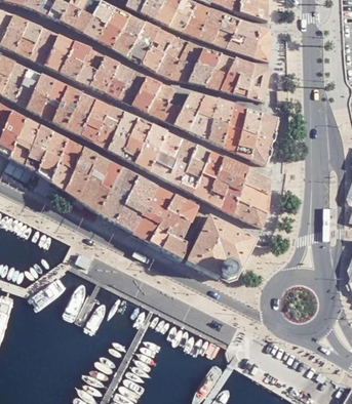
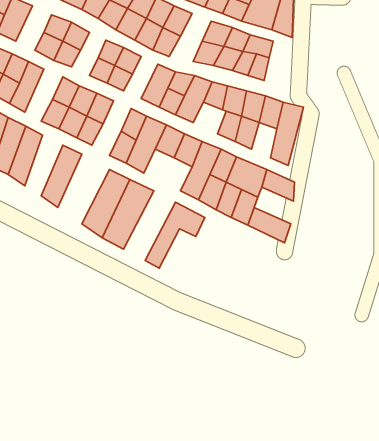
building: [45,35,74,71] -> none
building: [169,41,203,80] -> none
building: [90,56,118,91] -> none
building: [246,64,270,99] -> none
building: [132,76,160,110] -> none
building: [52,86,83,128] -> none
building: [107,112,139,156] -> none
building: [189,113,216,138] -> none
building: [236,129,257,158] -> none
building: [52,139,83,189] -> none
building: [149,151,188,185] -> none
building: [79,155,121,211] -> none
building: [238,181,270,211] -> none
building: [132,185,174,241] -> none
building: [187,214,257,279] -> none
building: [161,215,191,258] -> none

